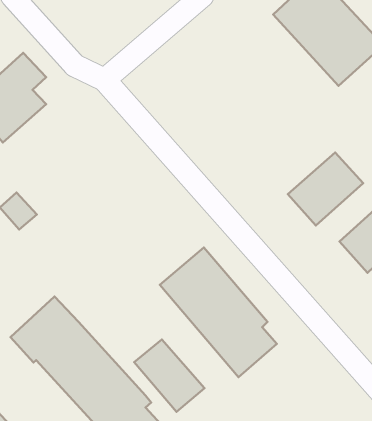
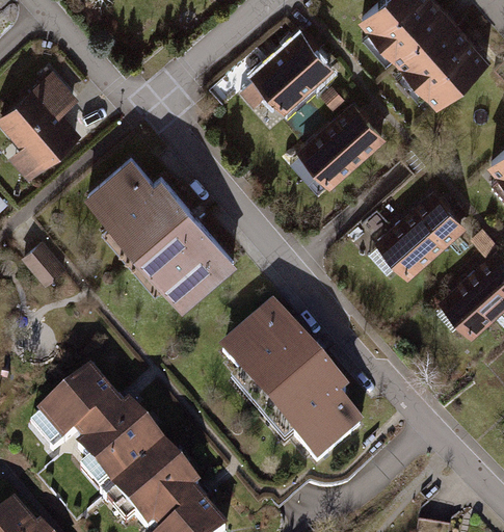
building: none -> [249,34,336,119]
building: none -> [295,103,384,190]
building: none -> [81,154,238,313]
building: [134,339,204,412] -> none

